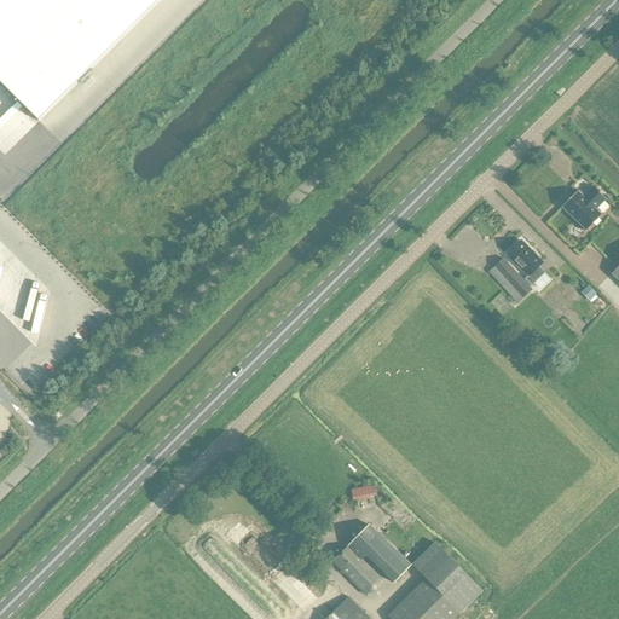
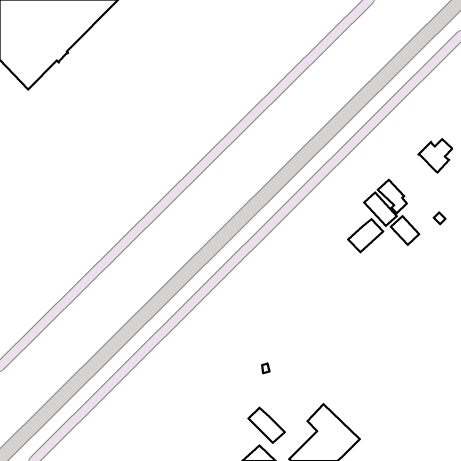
building: none -> [391,216,419,245]
building: none -> [348,219,383,252]
building: [347,523,409,582] -> none

